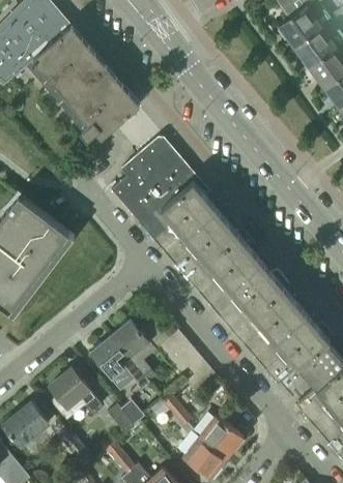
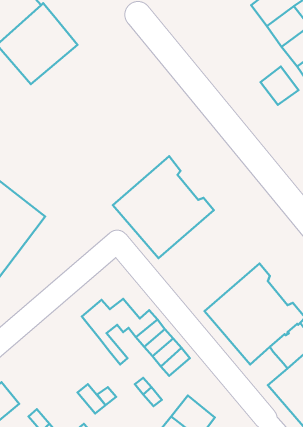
building: [60,66,140,146] -> none
building: none -> [260,66,298,105]
building: [112,142,198,225] -> none
building: [188,231,288,331] -> none
building: [91,336,154,395] -> none
building: [50,368,101,419] -> none

